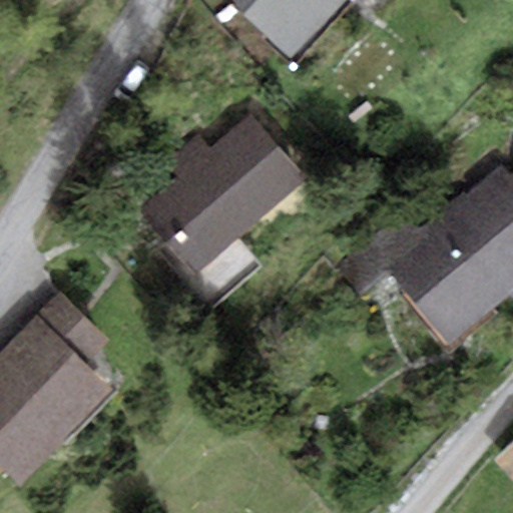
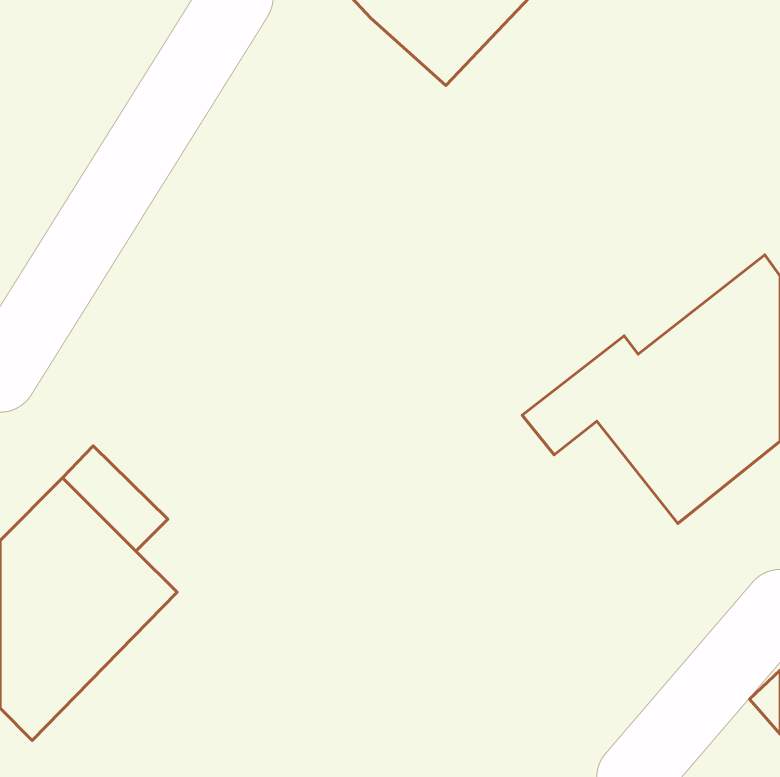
building: [135,112,307,303] -> none

